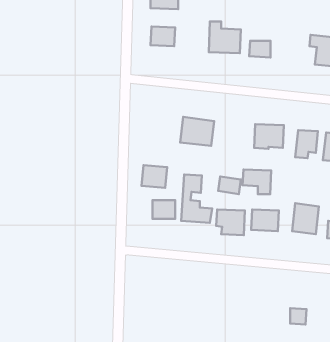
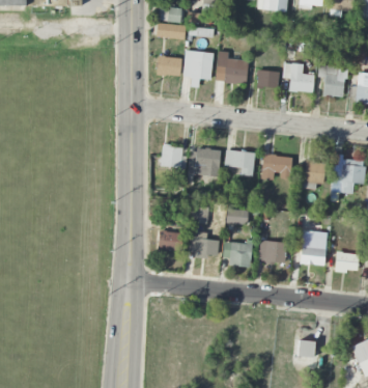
building: none -> [183,51,213,87]
building: none -> [284,63,314,92]
building: [142,165,167,188] -> [160,145,186,168]
building: [242,170,271,194] -> [225,150,254,175]

